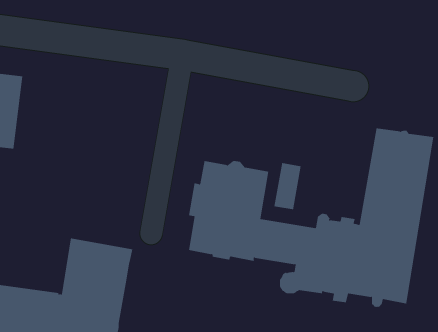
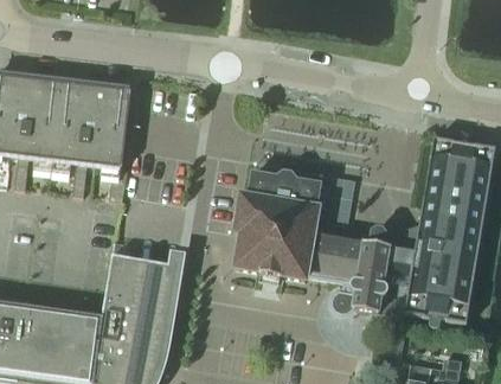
building: none -> [52,82,131,198]

